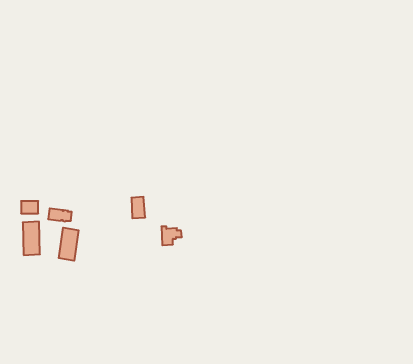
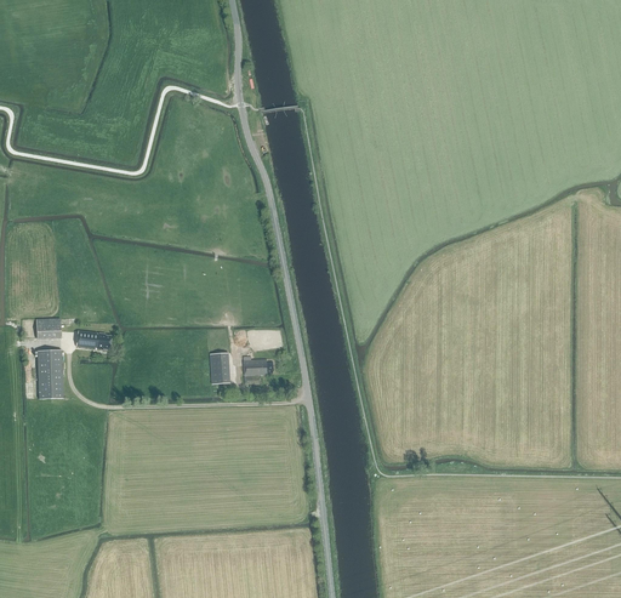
building: [131,197,145,218] -> [210,352,230,383]
building: [59,228,79,261] -> none

